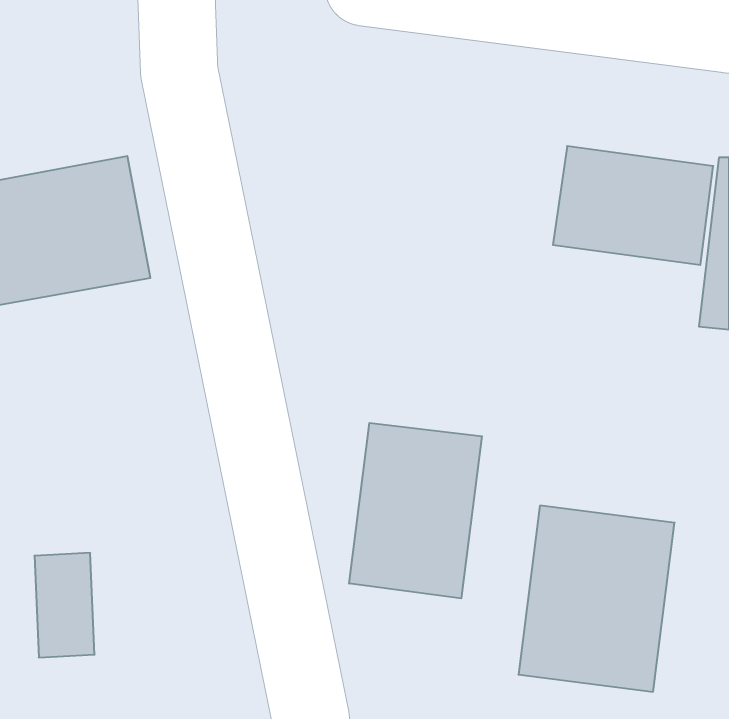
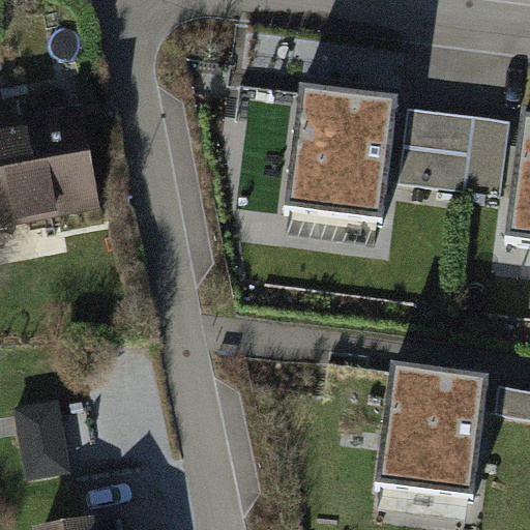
building: none -> [285,86,396,218]
building: [349,423,482,598] -> none

